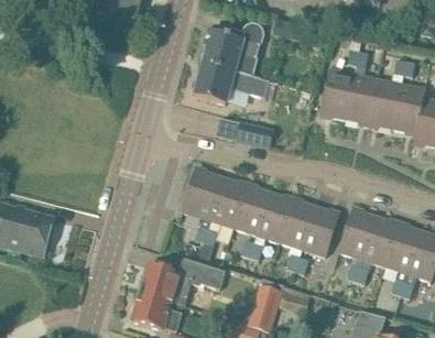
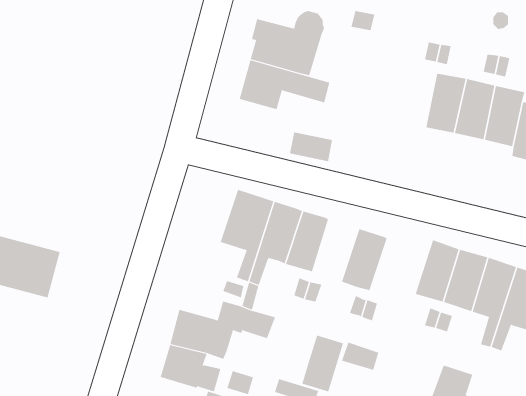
building: [323,68,356,118] -> none
building: [255,192,293,242] -> none
building: [302,207,338,258] -> none

